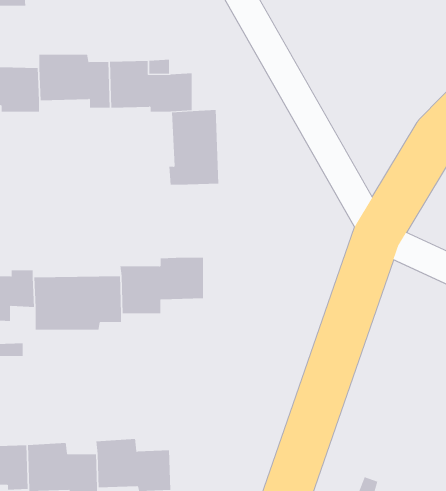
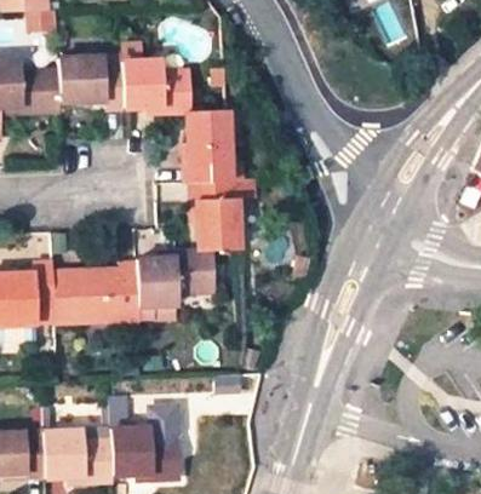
building: none -> [188,179,237,251]

